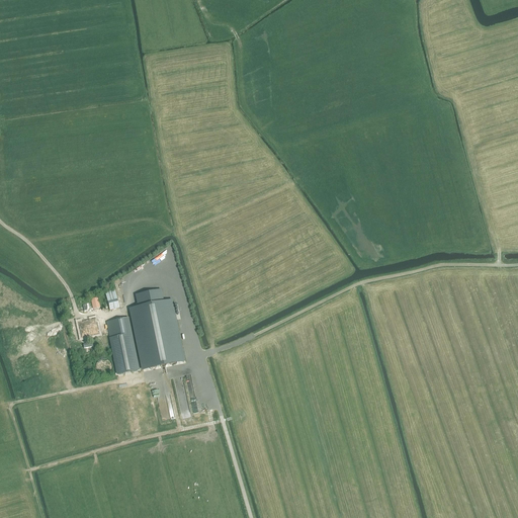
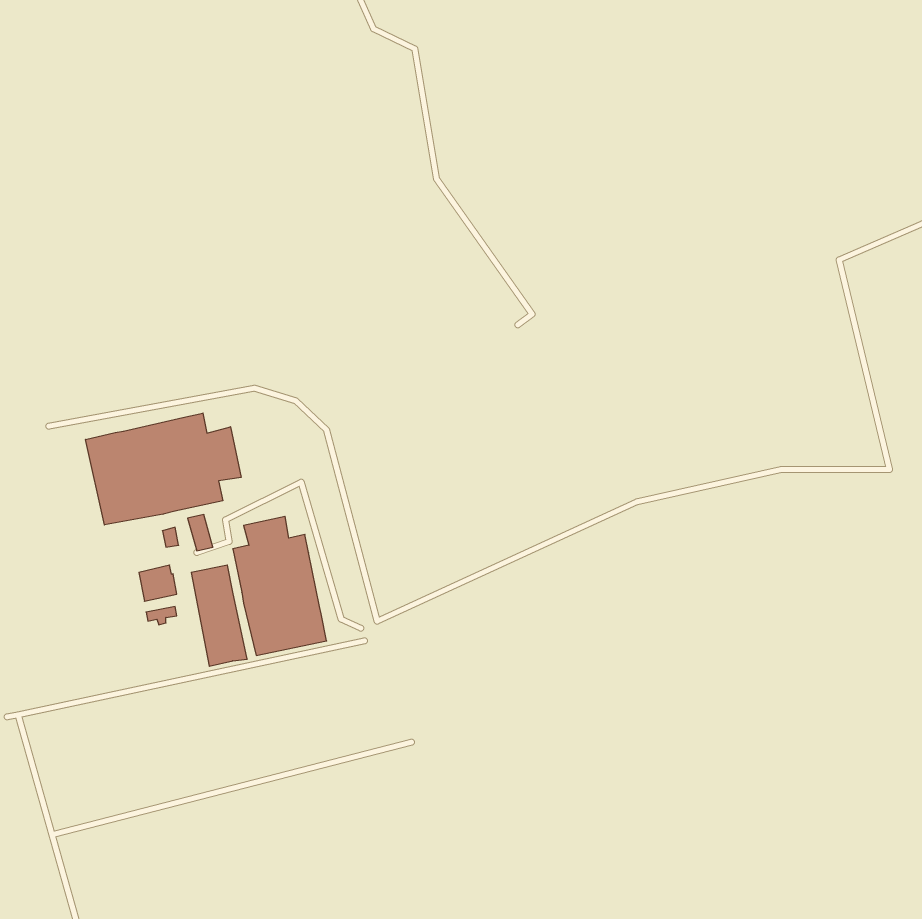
building: none -> [86,413,241,525]

